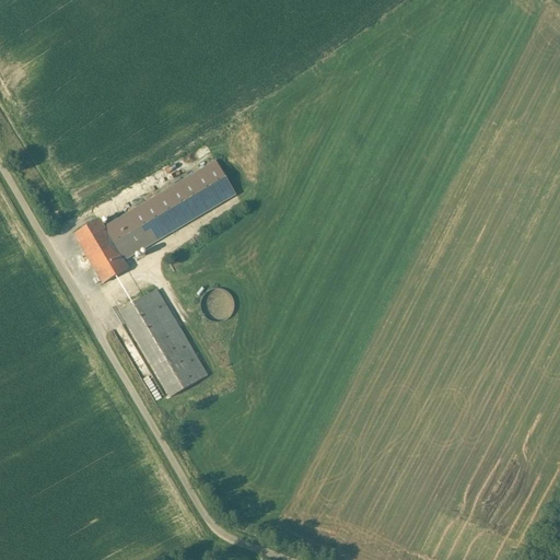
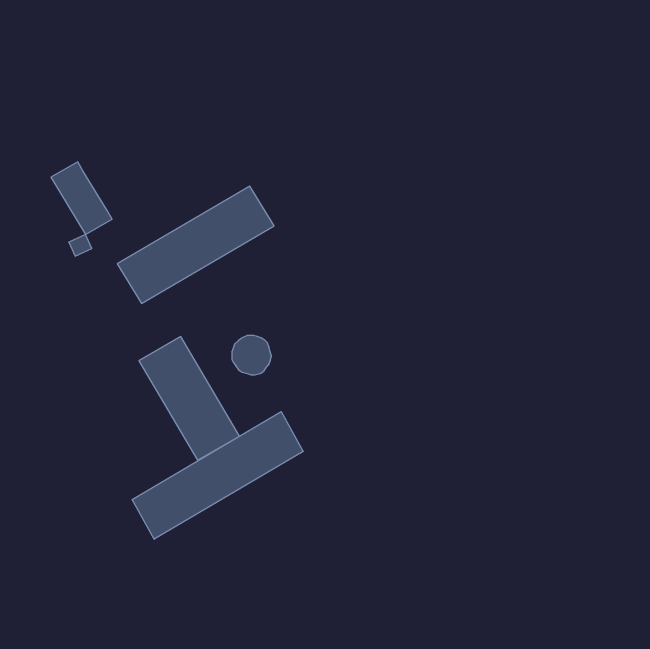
building: [73,219,126,281] -> [51,162,112,235]
building: none -> [132,412,303,539]

